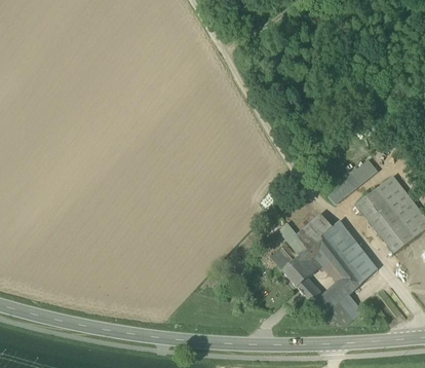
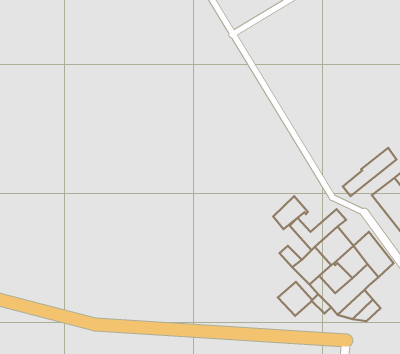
building: none -> [273,196,308,229]
building: [322,219,352,251] -> none
building: none -> [278,282,312,316]

